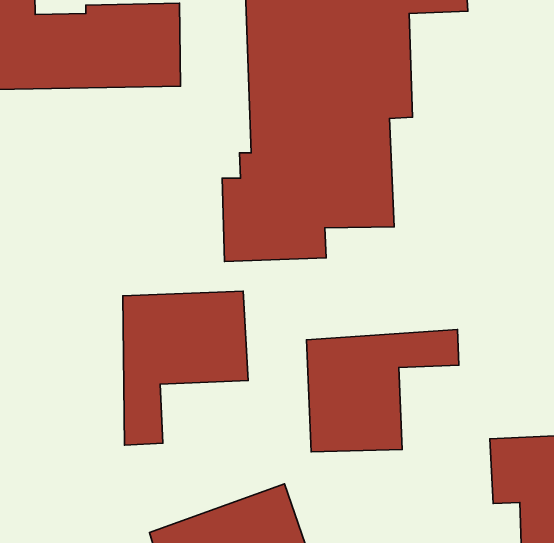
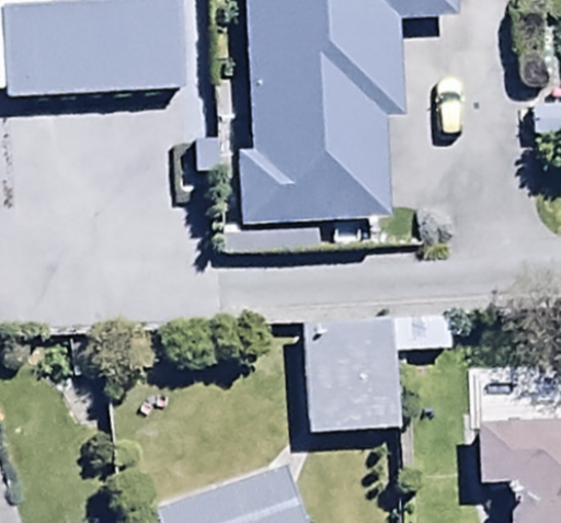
building: [123,291,248,445] -> none

